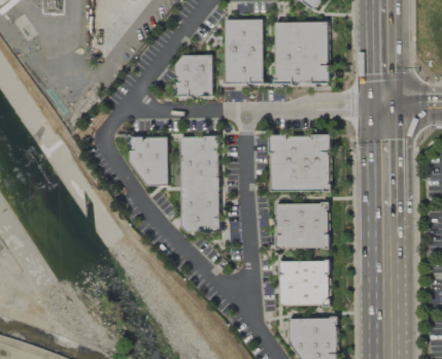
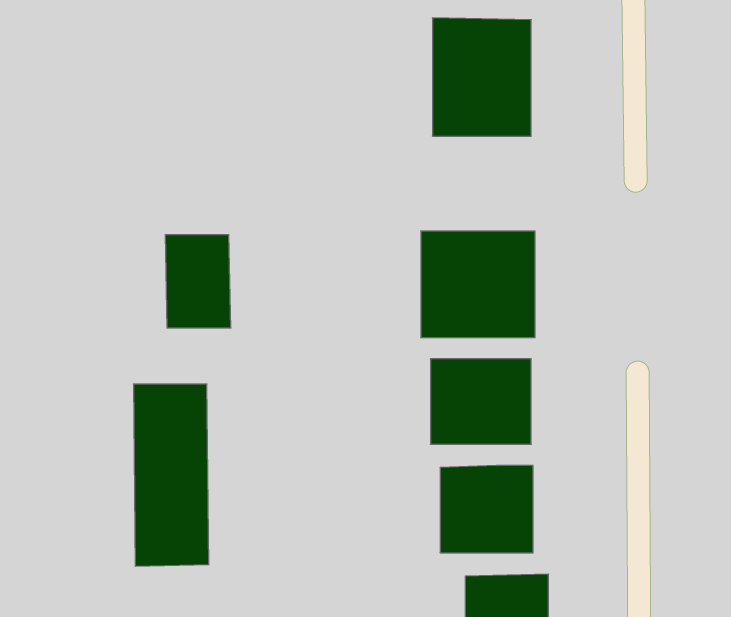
building: [224,19,264,84] -> none
building: [176,54,213,96] -> none
building: [180,135,220,232] -> [133,384,209,566]

